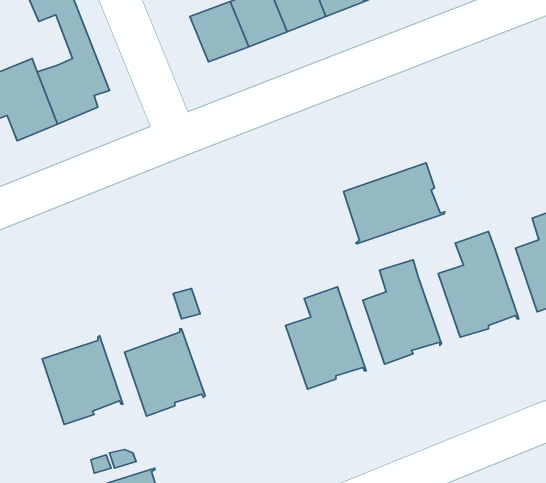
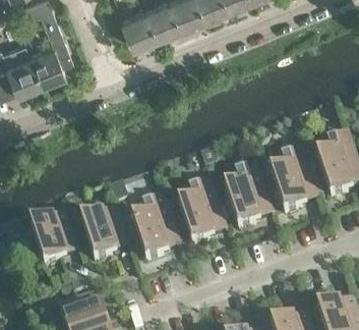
building: [344,163,445,244] -> none
building: none -> [133,197,182,260]

